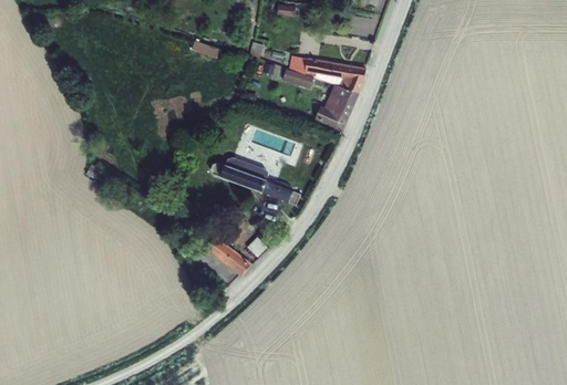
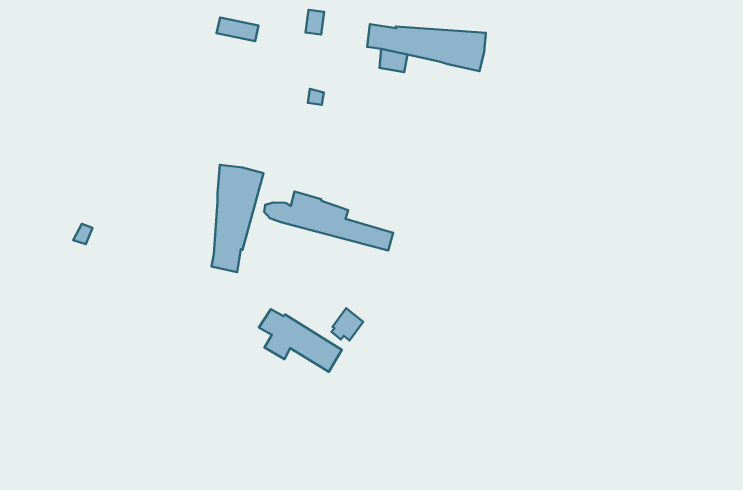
building: [315,83,359,131] -> none
building: none -> [212,165,264,272]

